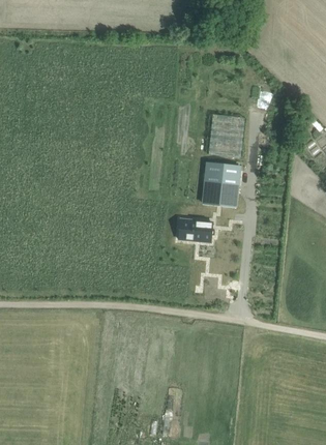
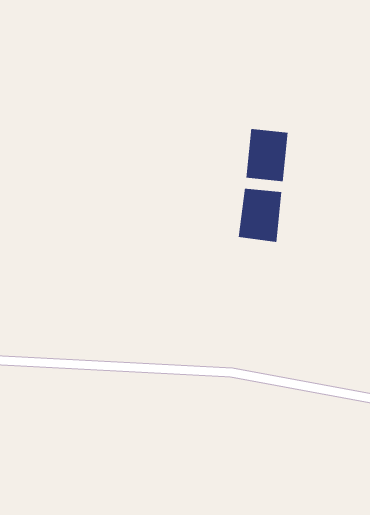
building: [178,220,211,242] -> none

